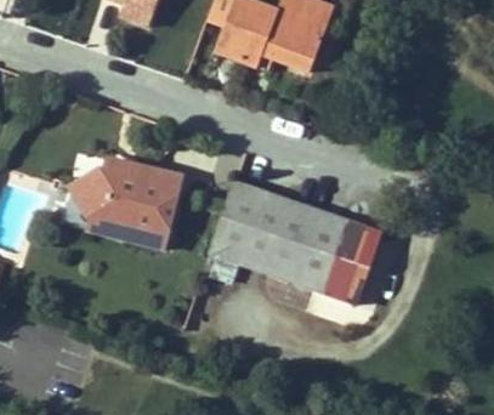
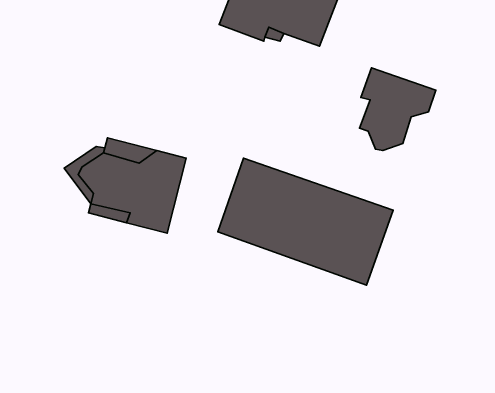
building: none -> [359,68,436,150]

